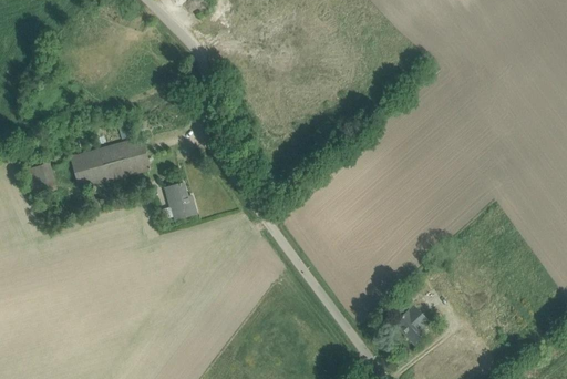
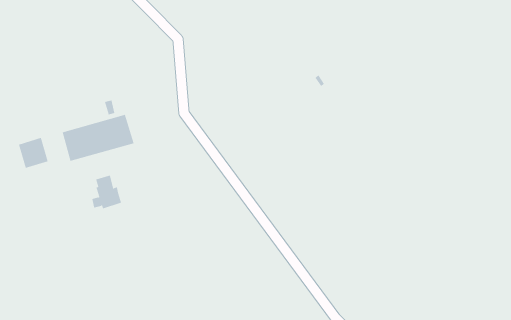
building: [163,182,196,219] -> [91,175,122,209]
building: [396,305,429,342] -> none

